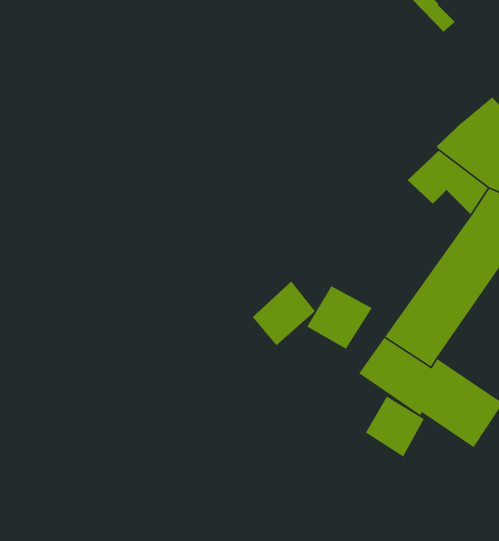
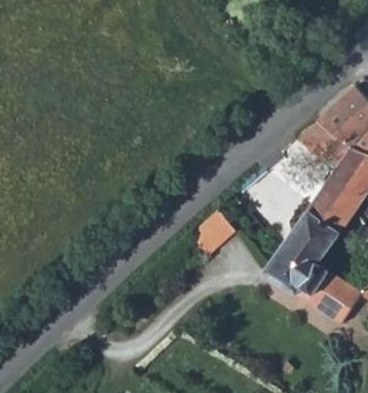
building: [306,285,373,350] -> none
building: [365,396,425,458] -> none

